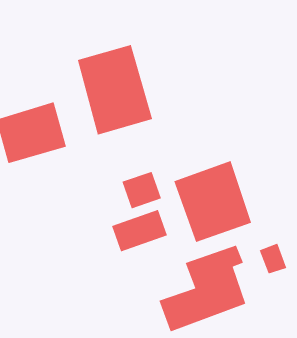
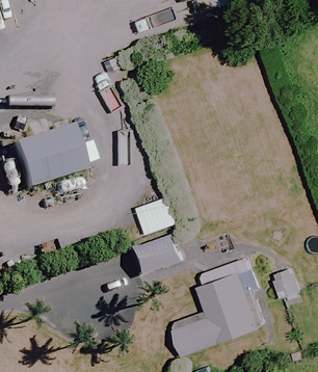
building: [77,44,153,136] -> none
building: [174,160,252,243] -> none

